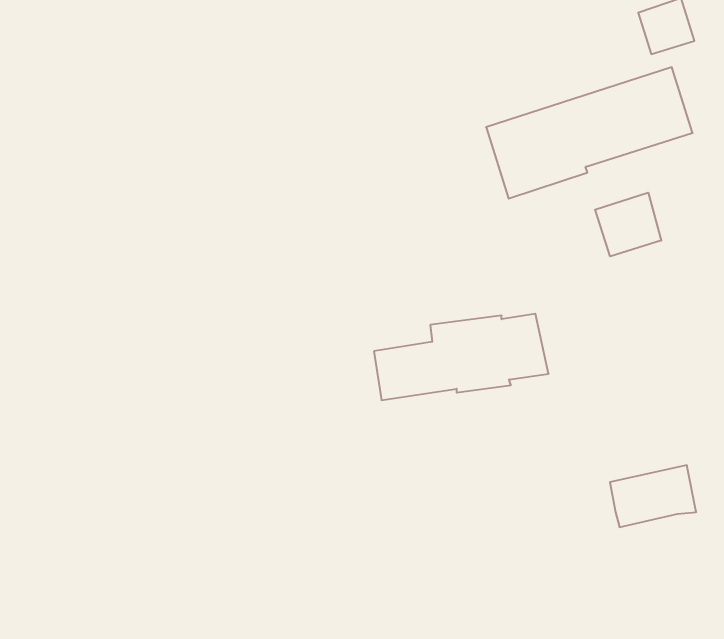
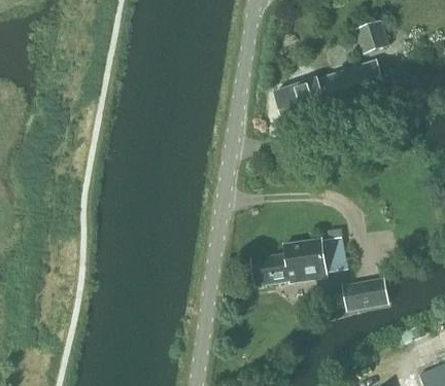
building: [595,193,661,256] -> none
building: [374,314,549,400] -> [252,238,348,285]

